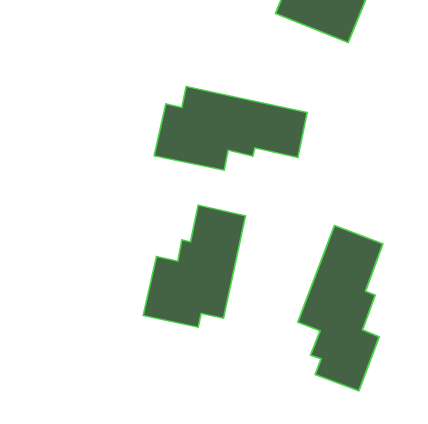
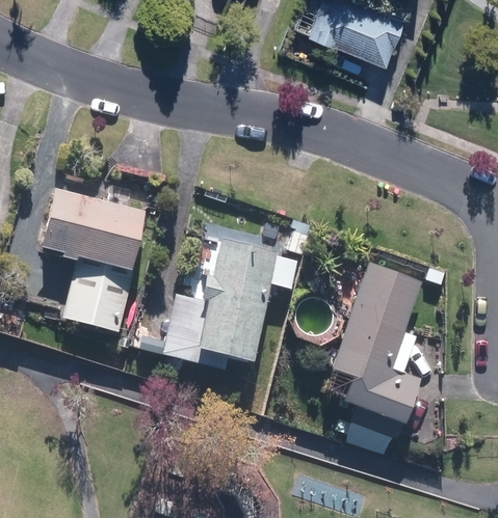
building: [154,86,307,170] -> none
building: none -> [41,195,146,333]

